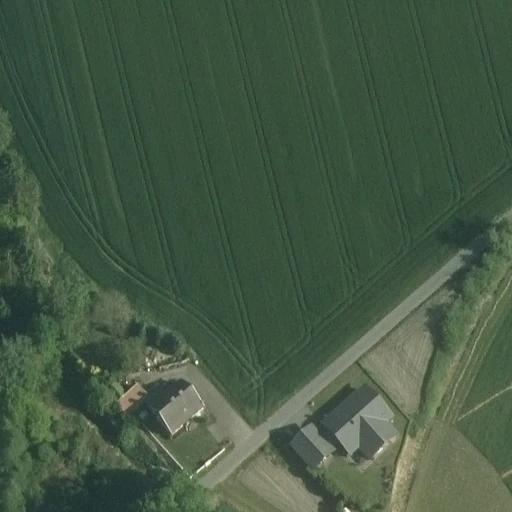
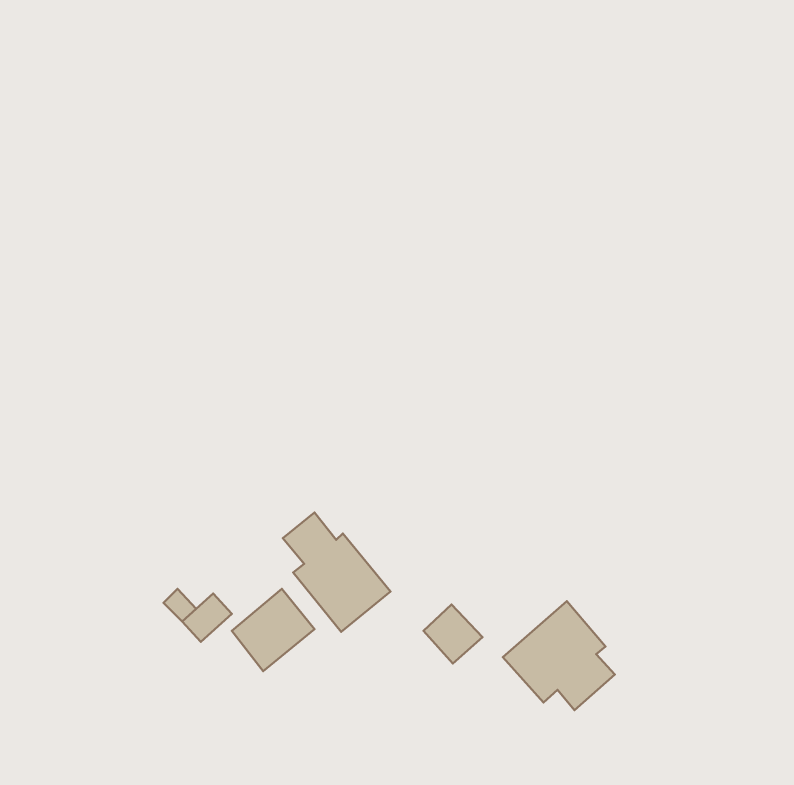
building: none -> [283,513,391,632]
building: [293,426,331,464] -> [423,604,483,664]

